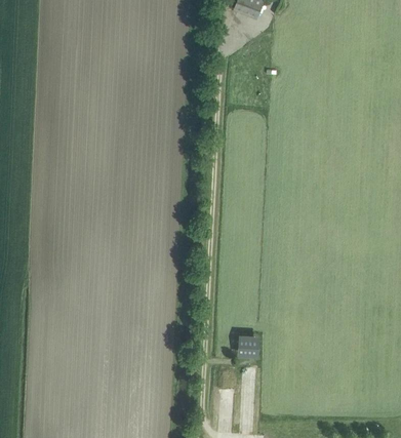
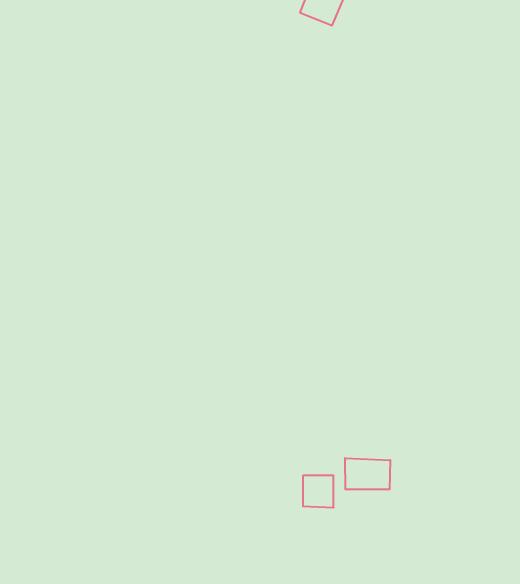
building: none -> [345,458,390,489]

